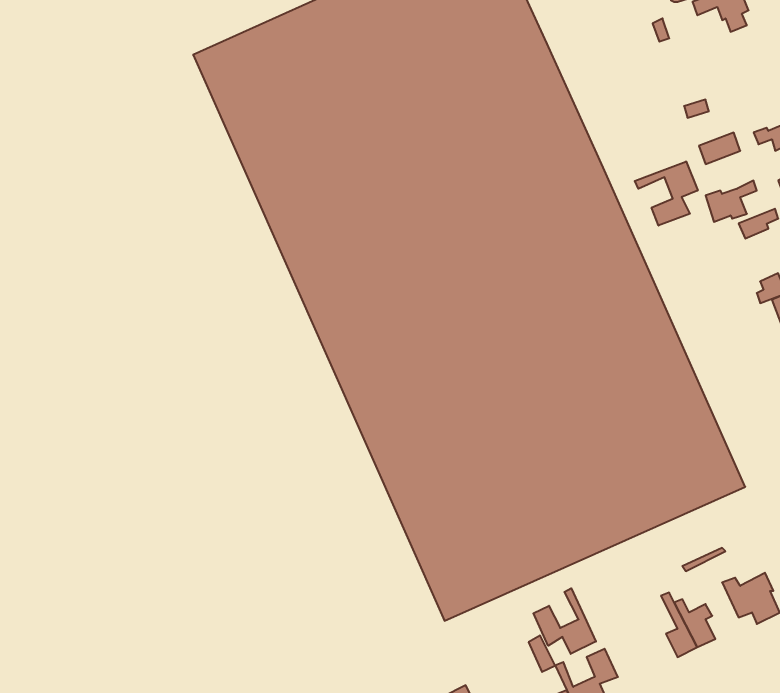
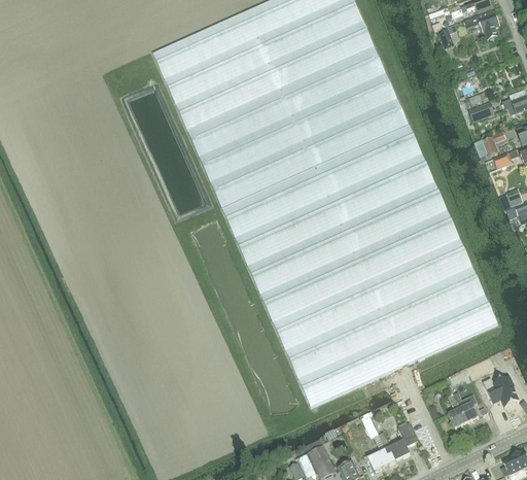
building: [635,161,698,226] -> none
building: [533,588,596,654] -> none

